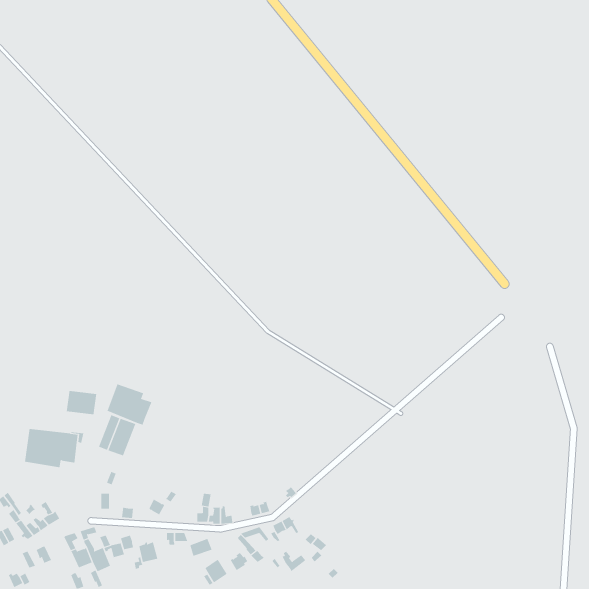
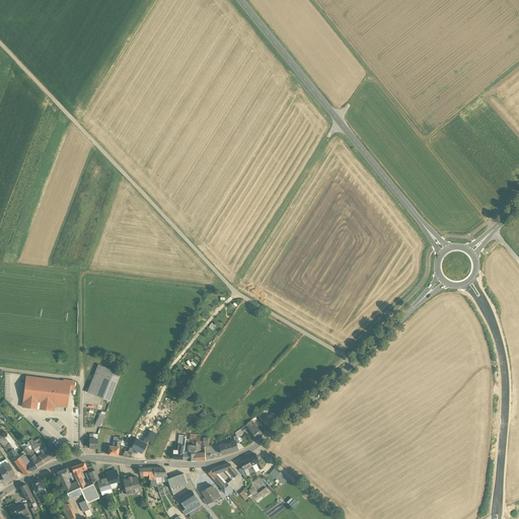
building: [107,384,152,426] -> none
building: [66,390,97,415] -> none

